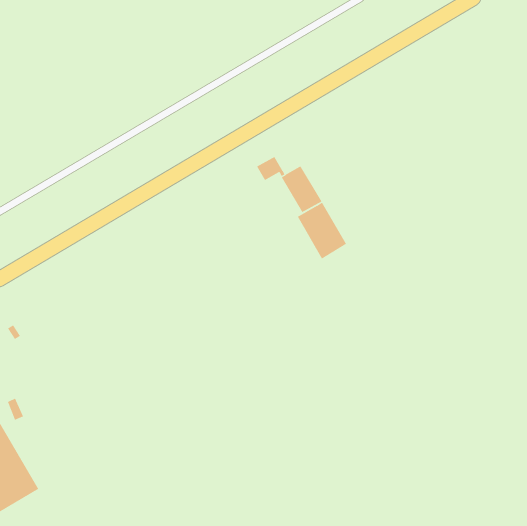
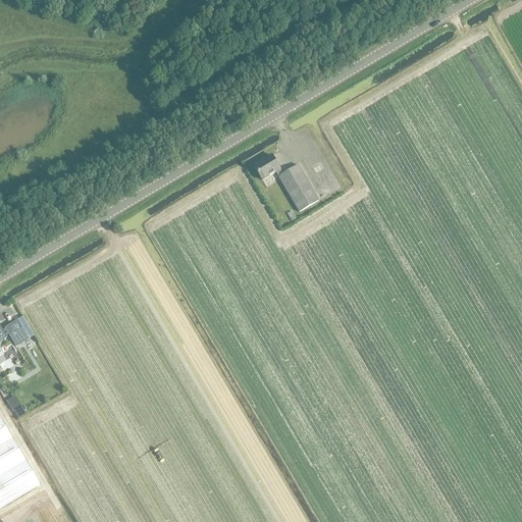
building: [297,202,347,260] -> none

